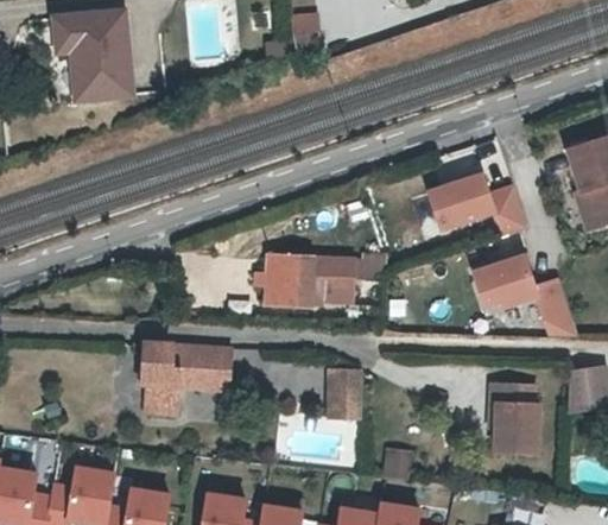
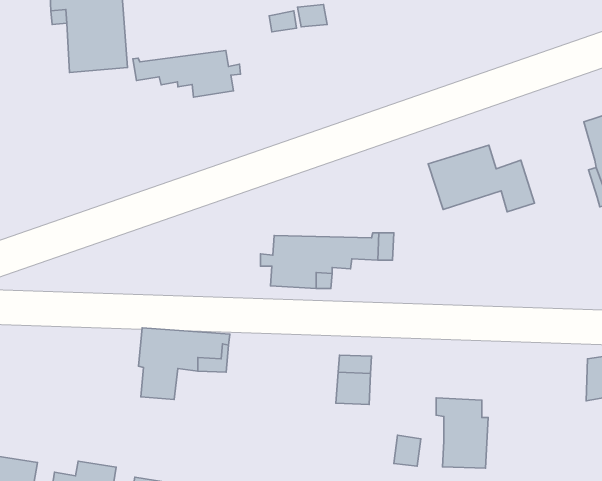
building: none -> [133,51,241,97]
building: [464,253,574,333] -> none
building: [492,385,542,453] -> [436,398,488,468]

